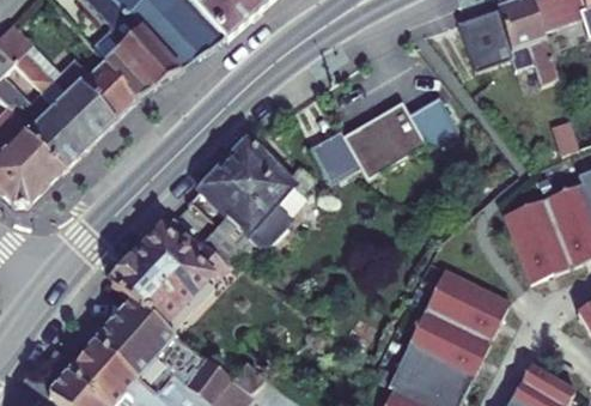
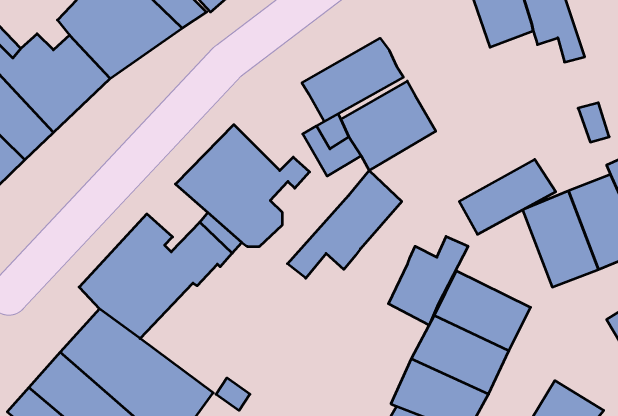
building: none -> [302,38,403,121]
building: [408,96,459,150] -> none
building: none -> [459,159,556,234]
building: none -> [287,171,402,278]
building: none -> [388,236,468,325]

